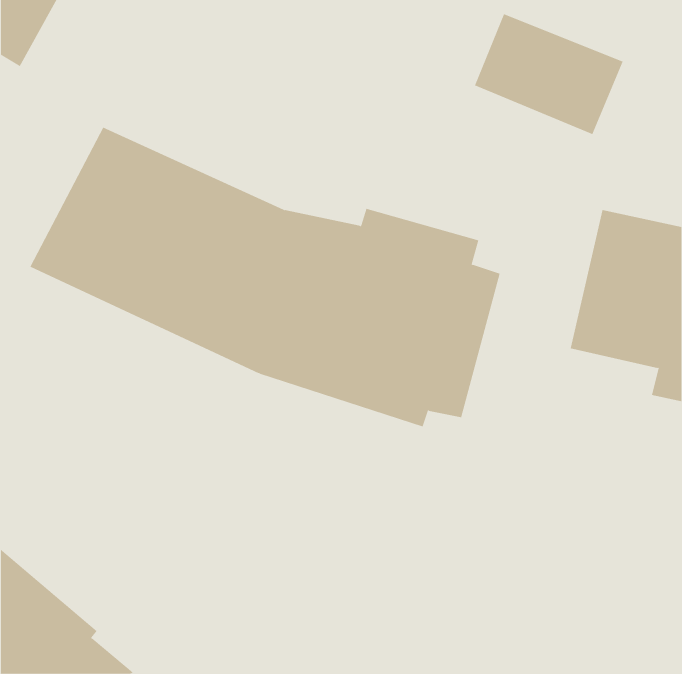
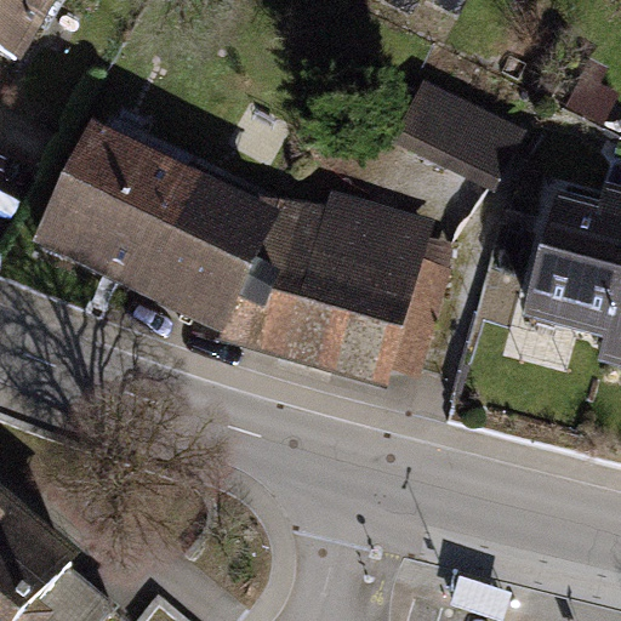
building: [474,13,624,135] -> [395,85,531,195]

